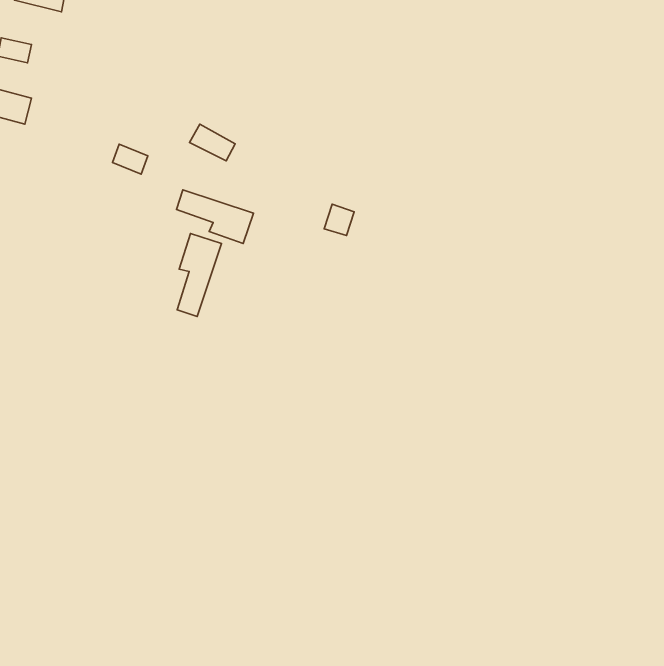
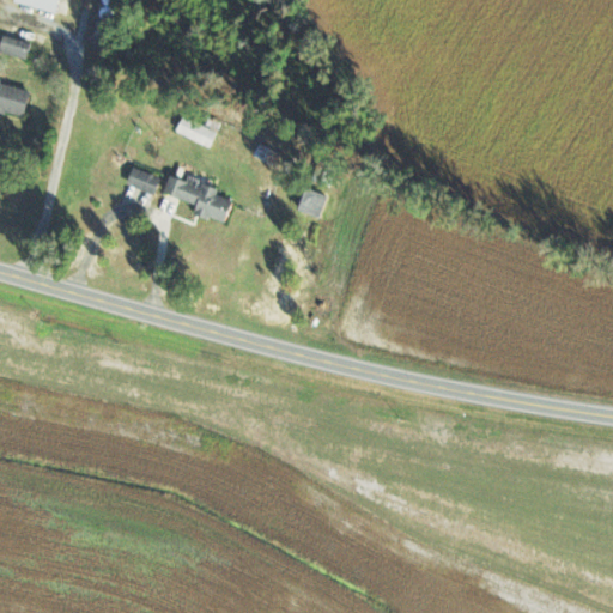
building: [113,144,148,174] -> [126,166,158,194]
building: [177,234,222,317] -> none

